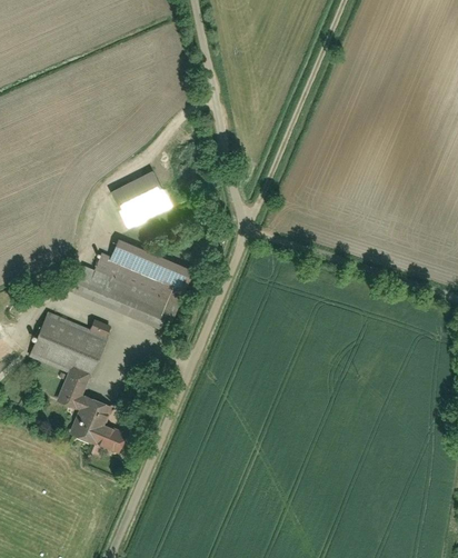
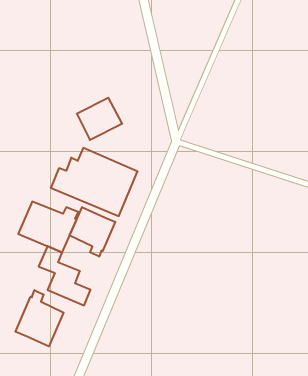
building: none -> [70,207,115,257]
building: none -> [15,290,64,346]

